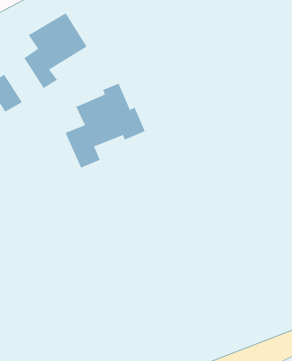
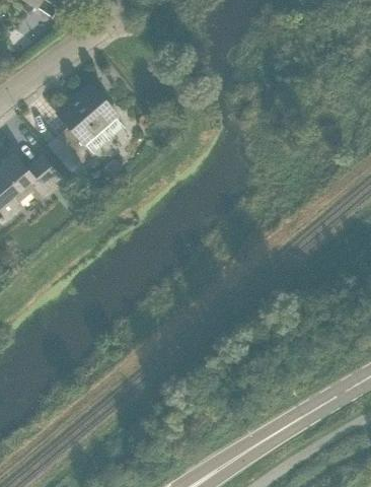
building: [65,83,146,169] -> none

